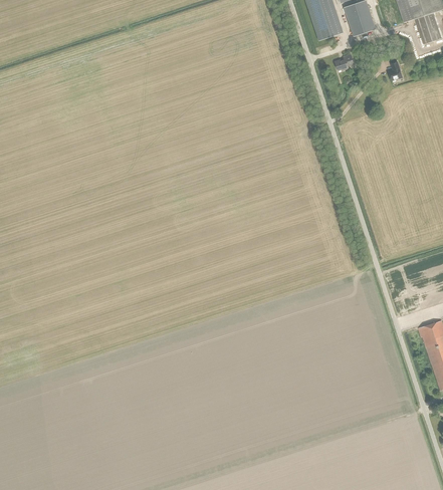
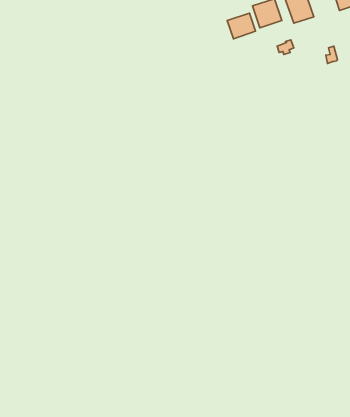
building: none -> [227,13,256,39]

